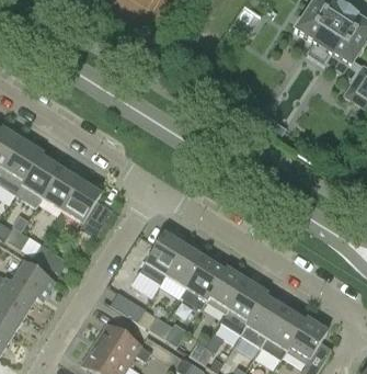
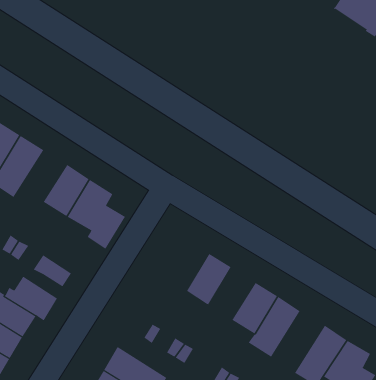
building: [15,152,61,206] -> none
building: [139,229,185,283] -> none
building: [179,254,226,308] -> none
building: [240,293,286,347] -> none

